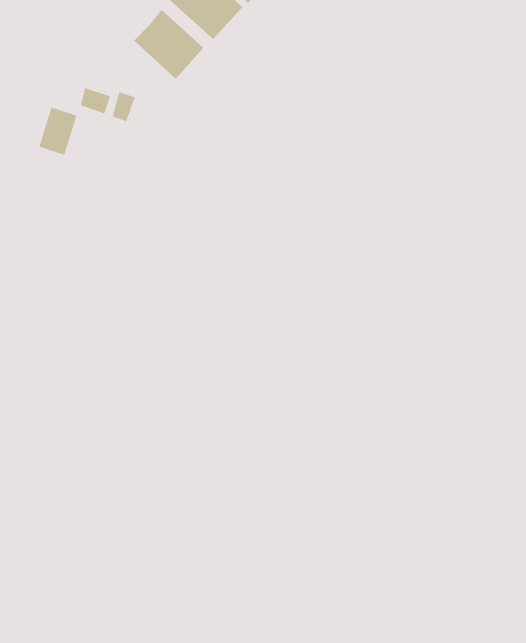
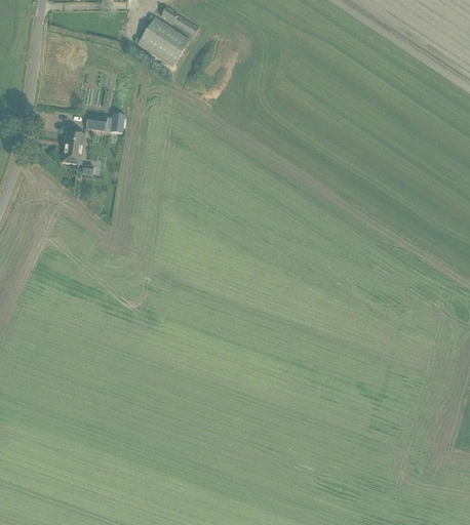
building: [133,9,204,79] -> none

